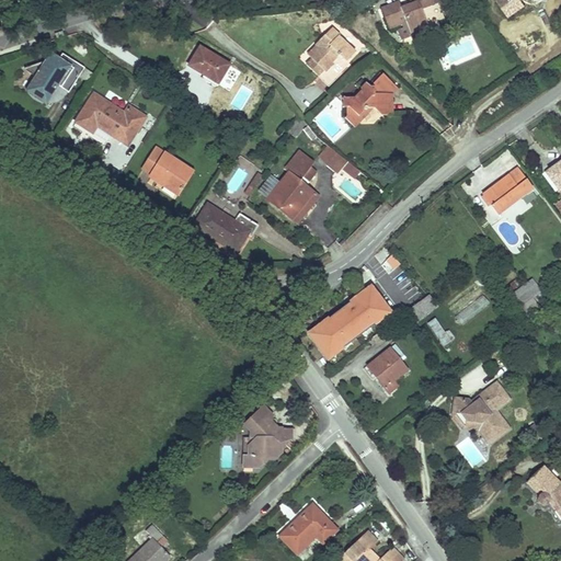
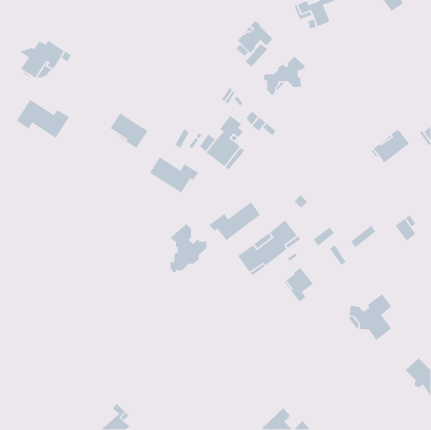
building: [188,45,229,81] -> none
building: [76,92,146,144] -> [16,99,70,139]
building: none -> [208,201,261,241]
building: [243,404,291,469] -> [170,223,207,273]
building: [279,503,337,552] -> none

